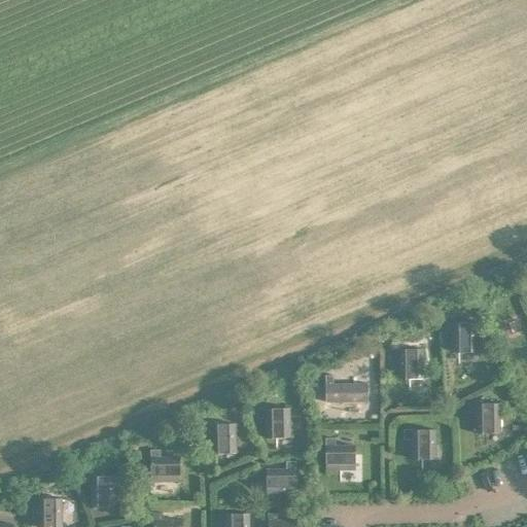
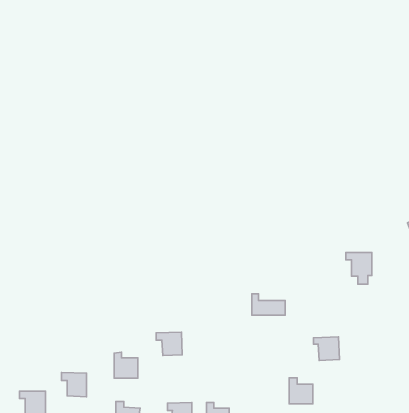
building: [391,348,424,379] -> none
building: [468,403,501,432] -> none
building: [258,408,292,437] -> none
building: [326,437,356,470] -> [289,378,313,404]
building: [268,461,297,494] -> none

